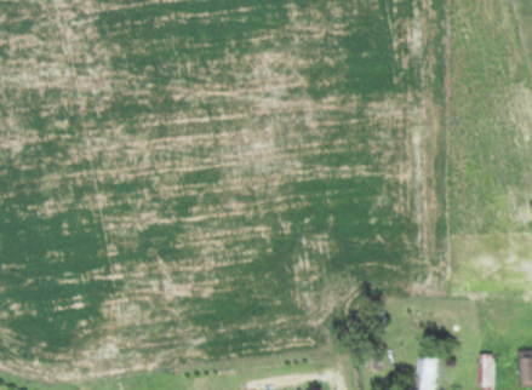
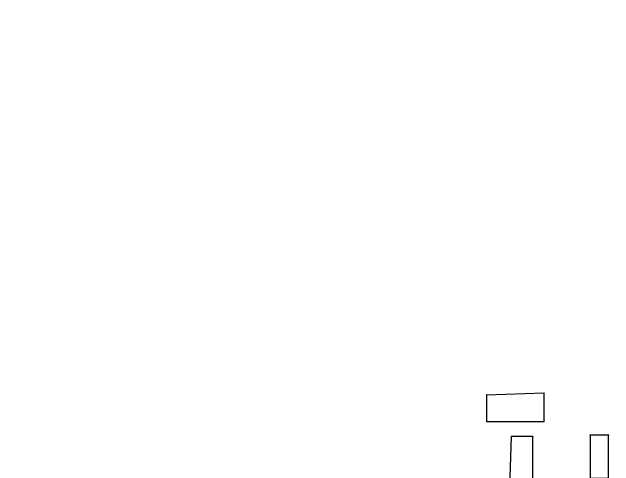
building: none -> [487,393,544,422]

